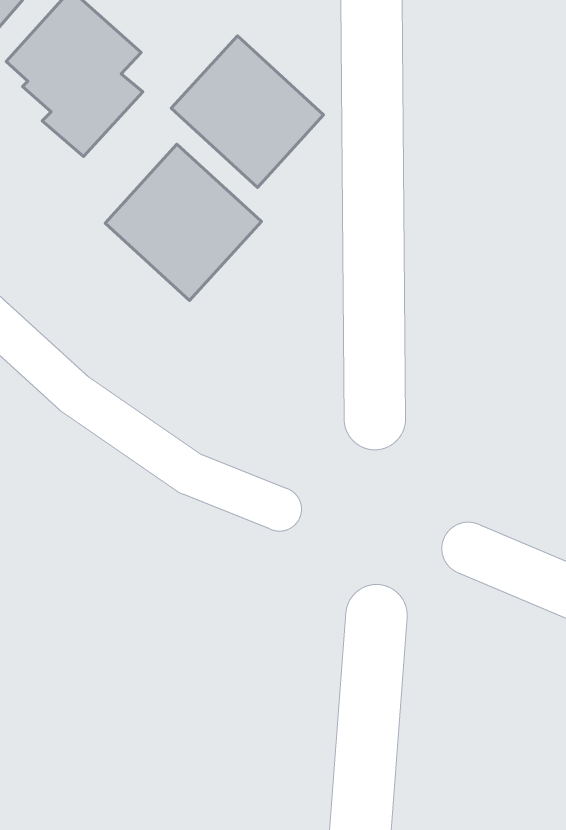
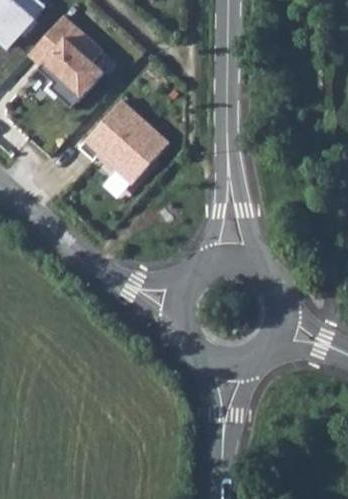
building: [171,36,324,187] -> none

